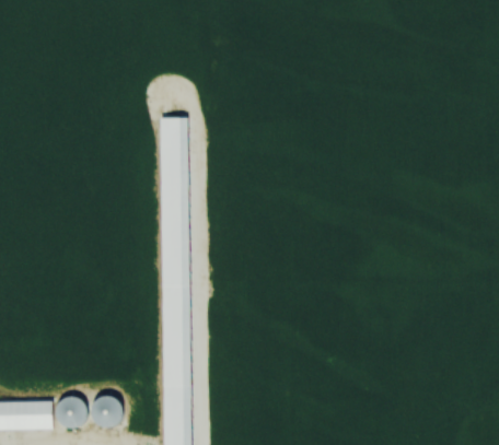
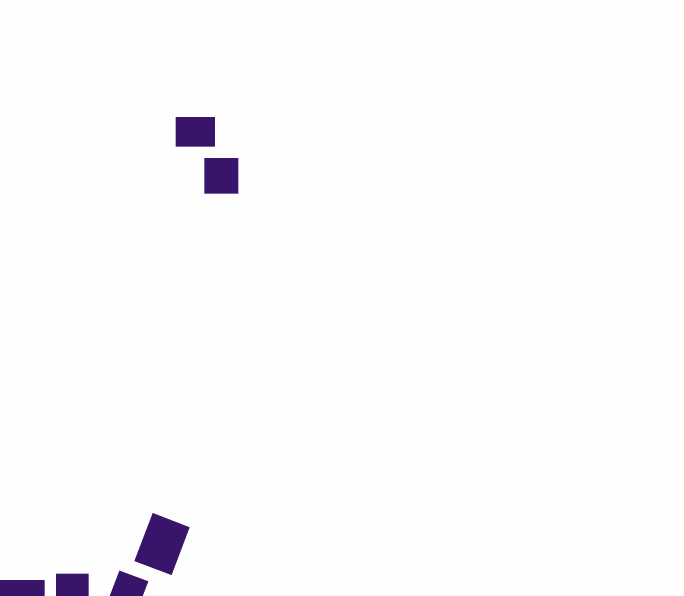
building: none -> [175,116,216,147]
building: none -> [133,512,191,576]

